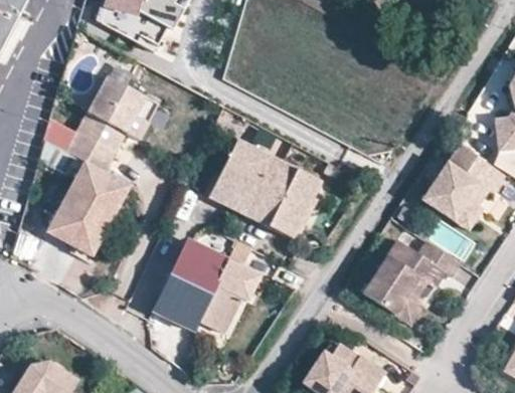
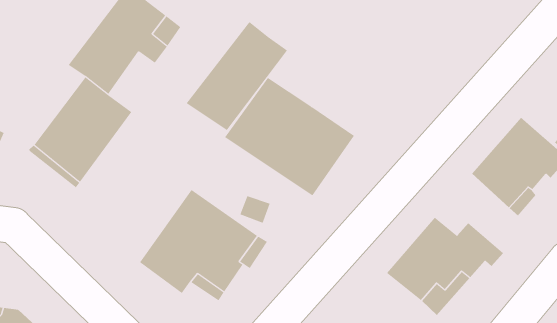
building: none -> [186,21,288,131]

